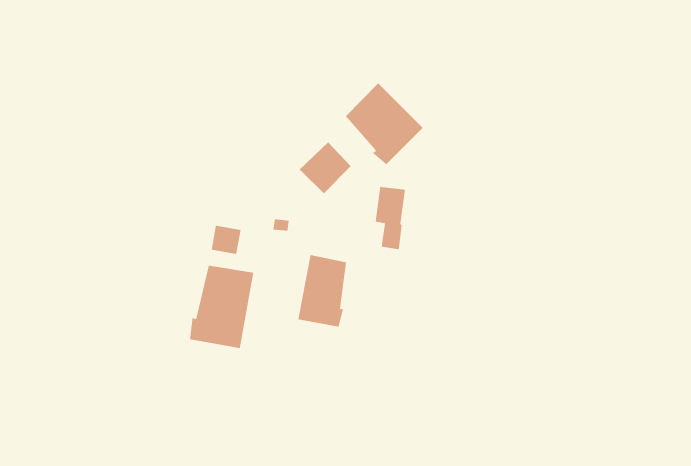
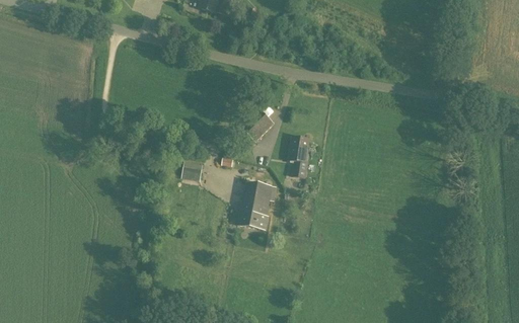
building: [345,82,424,165] -> none
building: [190,265,254,349] -> none

